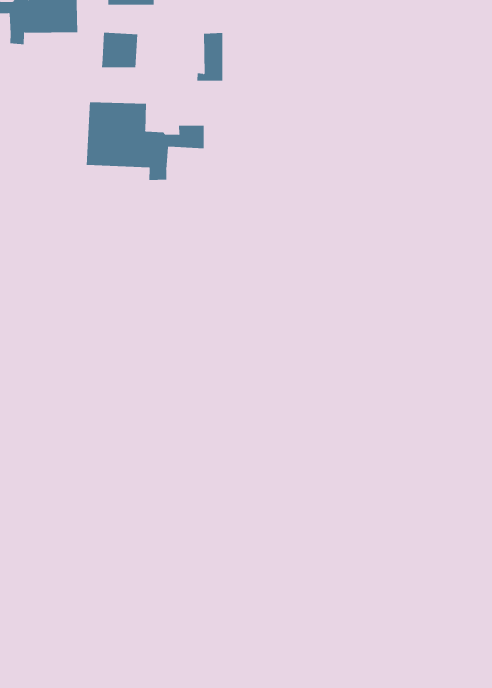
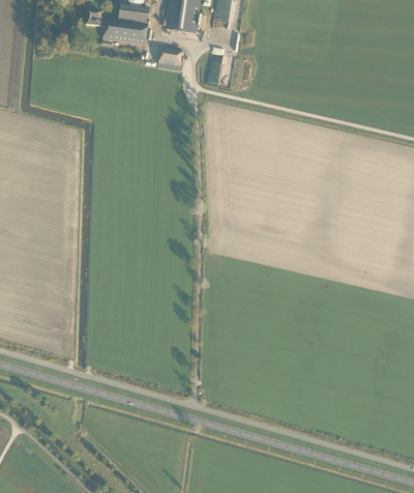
building: [86,101,204,181] -> none

